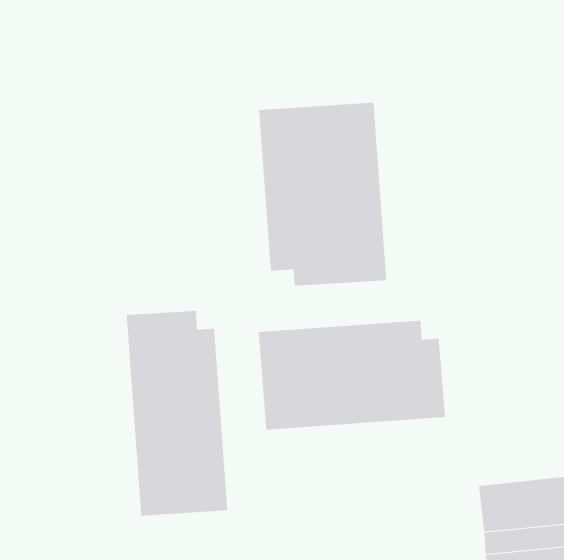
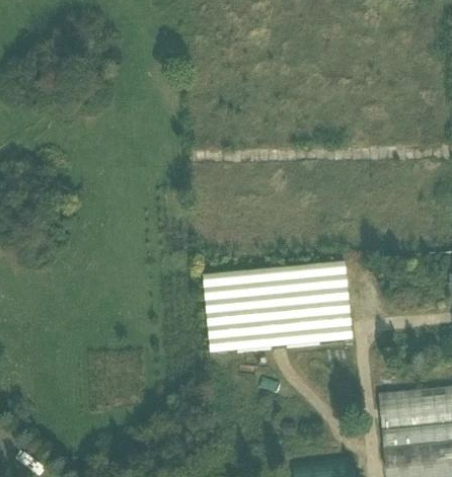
building: [259,102,387,287] -> none
building: [126,310,228,516] -> none

